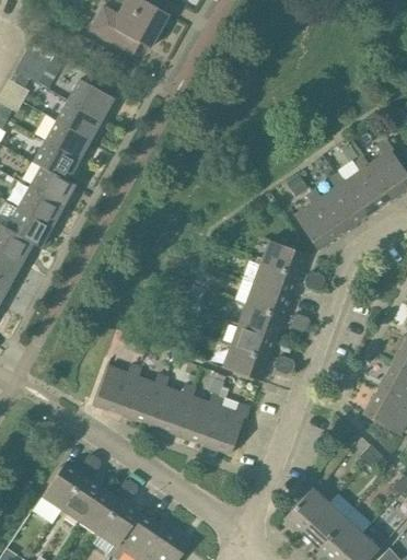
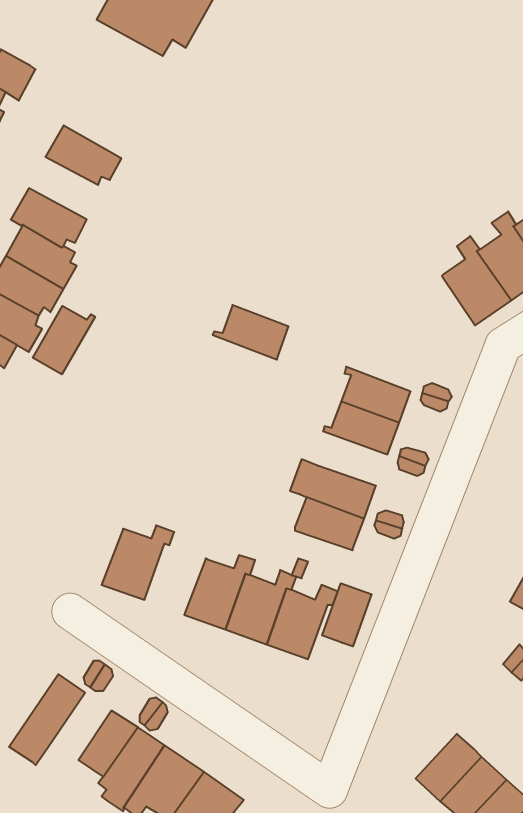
building: [68,79,115,121] -> none
building: [45,120,92,162] -> none
building: [294,189,340,248] -> none
building: none -> [33,306,95,374]
building: [255,240,305,276] -> [213,305,289,360]
building: [236,302,282,338] -> none
building: [121,374,167,423] -> none
building: none -> [322,583,372,646]
building: [57,475,100,520] -> none
building: [283,487,328,532] -> none

